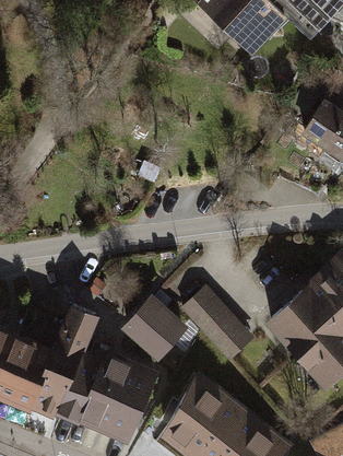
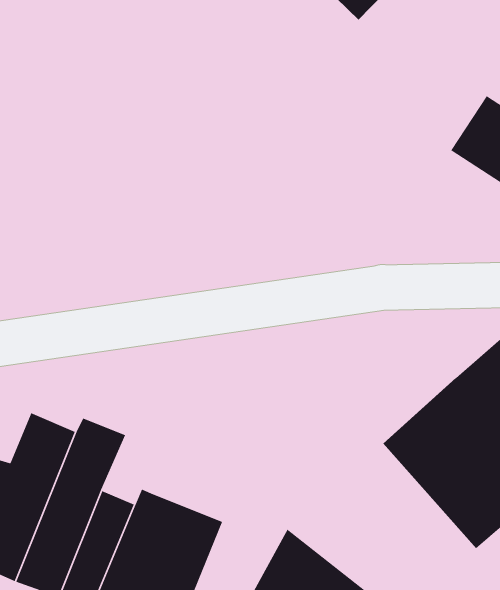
building: [182,287,256,361] -> none
building: [122,296,189,362] -> none

